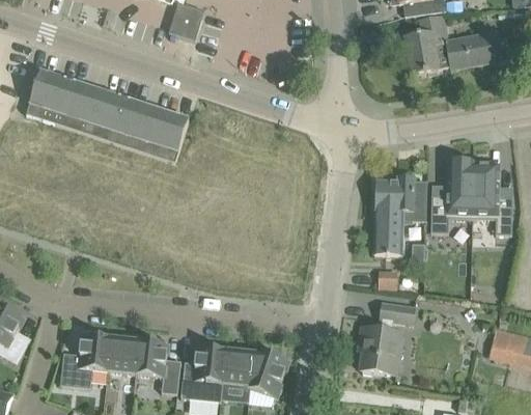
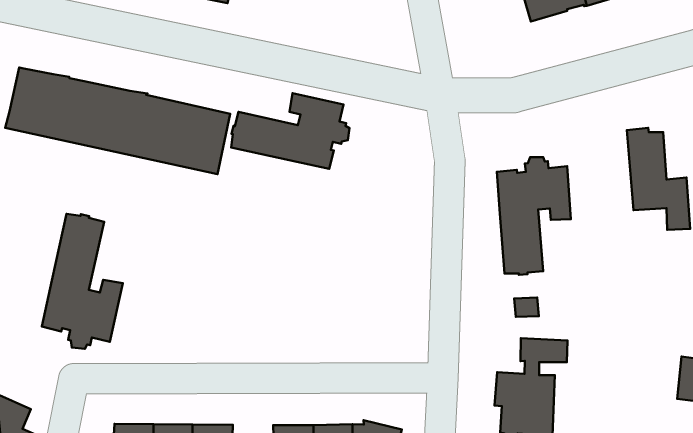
building: none -> [231,93,349,169]
building: [430,159,473,232] -> none
building: none -> [42,214,123,349]

